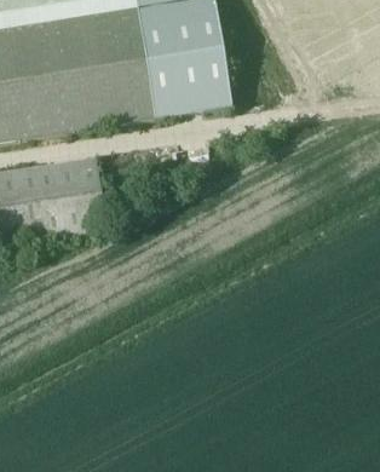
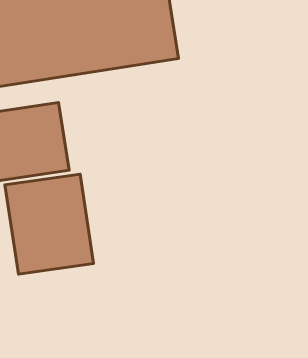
building: none -> [5,174,94,274]

